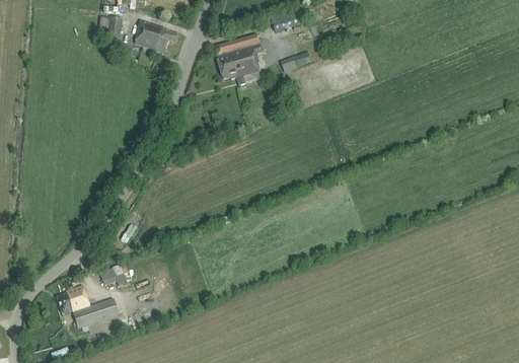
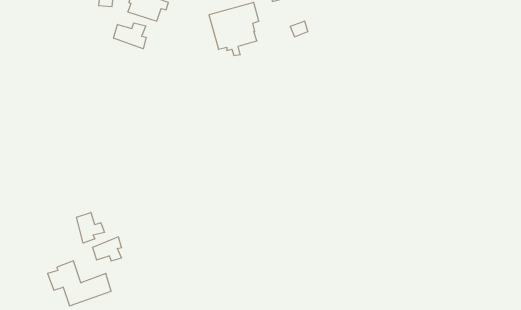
building: none -> [114,23,146,49]
building: none -> [77,212,104,243]

